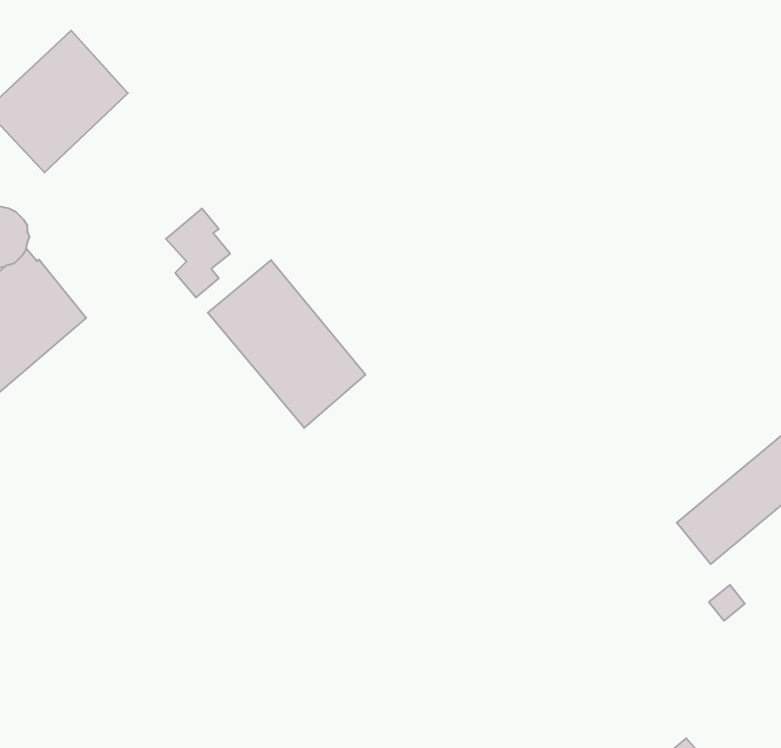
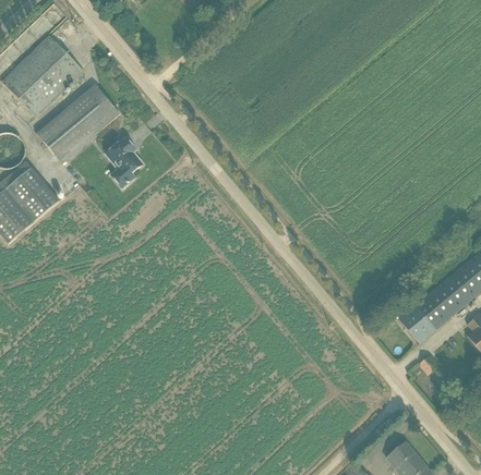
building: none -> [36,84,119,163]
building: [208,260,365,428] -> none

